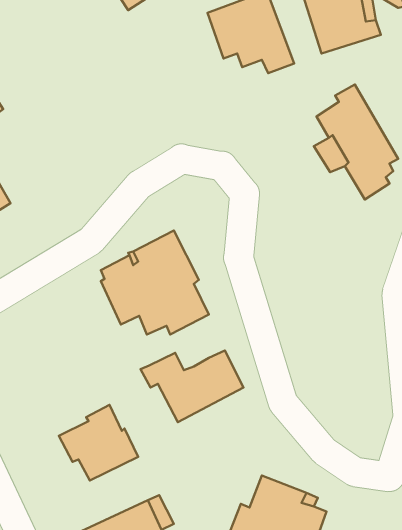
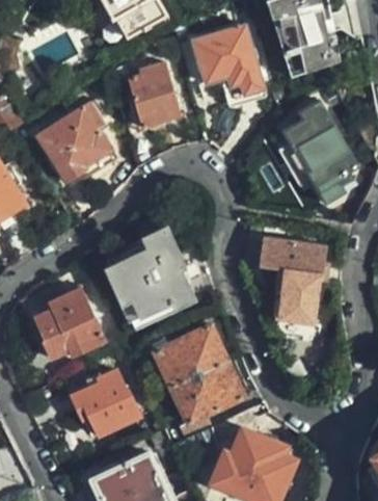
building: none -> [130,67,183,133]
building: none -> [35,103,116,180]
building: none -> [260,239,324,326]
building: none -> [35,289,102,352]
building: none -> [170,358,242,438]

